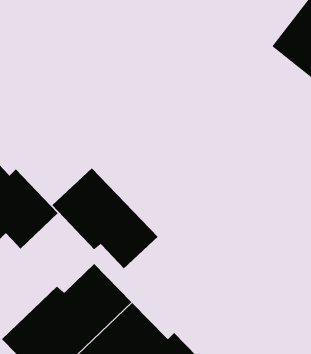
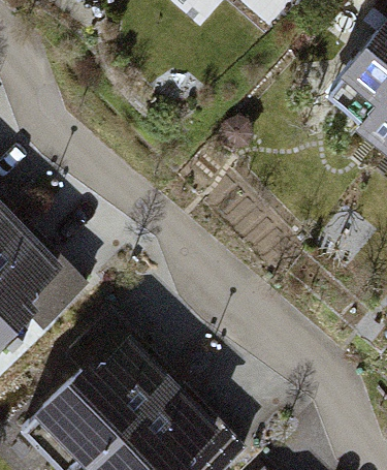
building: [52,167,158,269] -> none

